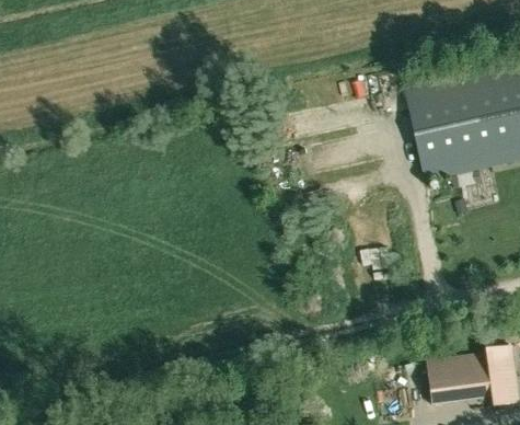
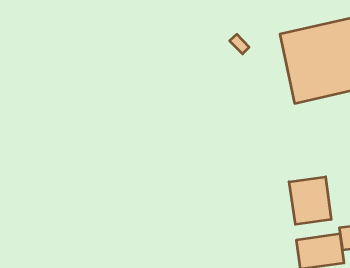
building: none -> [289,177,331,224]

